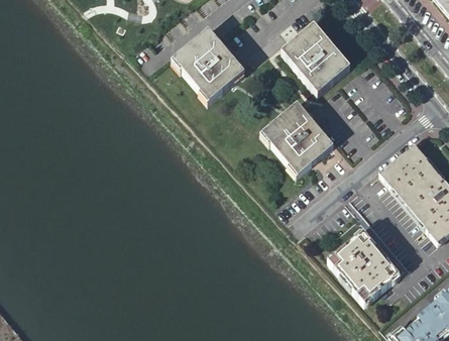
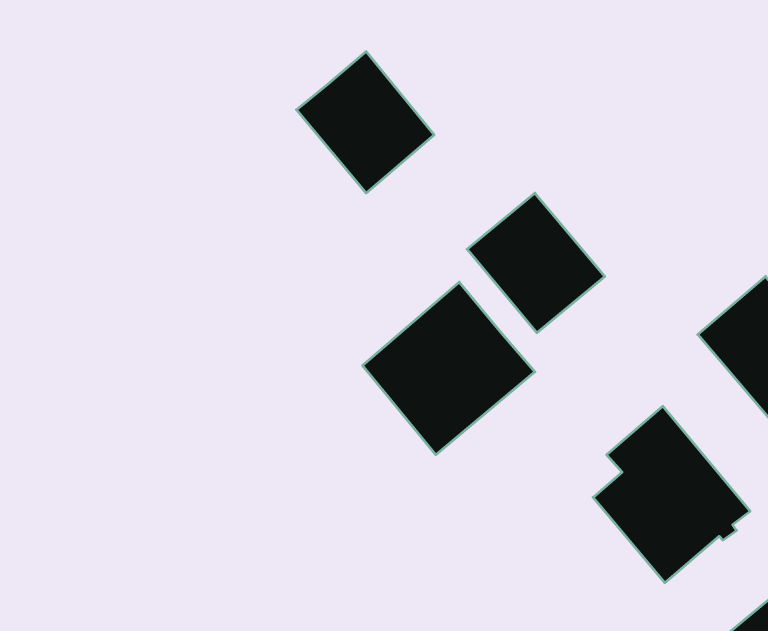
building: [280,23,350,94] -> none
building: none -> [363,282,535,455]

